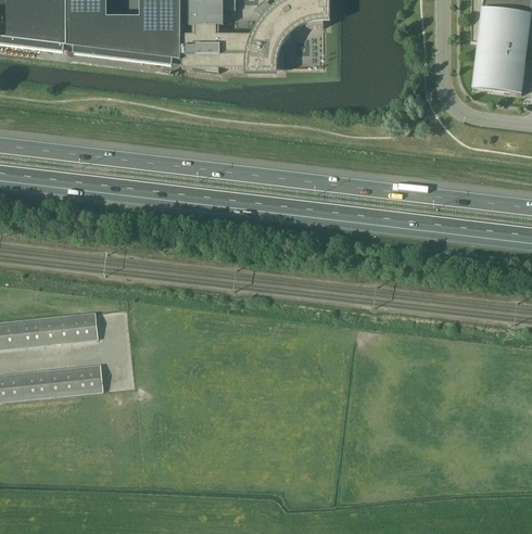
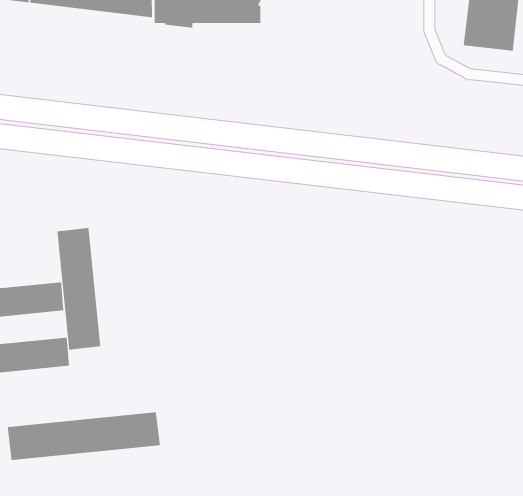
building: none -> [57,227,101,351]
building: none -> [7,412,161,461]

